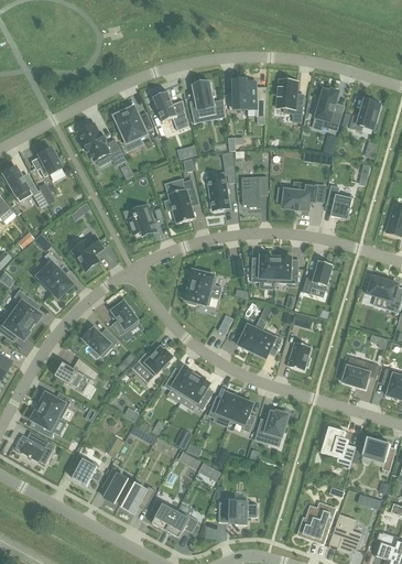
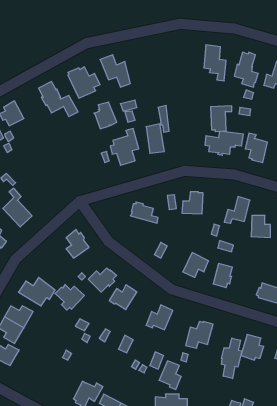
building: [232,79,267,117] -> none
building: [191,82,216,118] -> none
building: [241,176,267,207] -> [211,106,232,132]
building: [128,206,155,238] -> [94,102,117,129]
building: [70,235,102,270] -> none
building: [274,257,297,283] -> [251,215,270,237]
building: [184,284,220,305] -> none
building: [237,317,267,351] -> none
building: [82,327,117,358] -> [55,284,84,310]
building: [183,376,210,410] -> none
building: [229,398,256,432] -> [159,361,181,389]
building: none -> [221,338,242,379]
building: [72,456,102,486] -> none
building: [104,466,131,503] -> none

